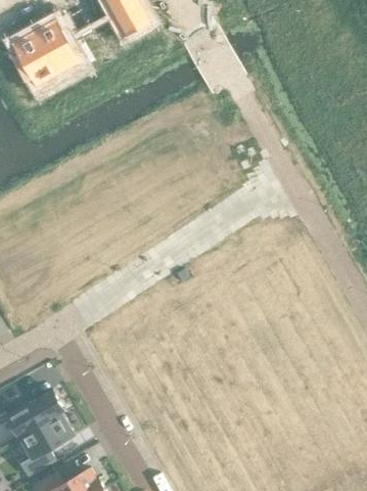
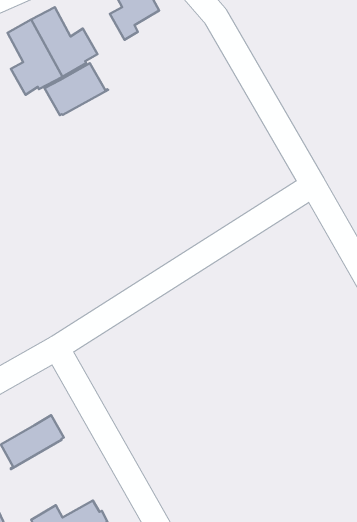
building: none -> [44,63,108,115]
building: [15,412,74,475] -> none

